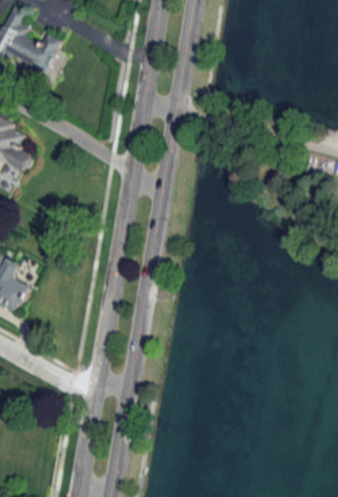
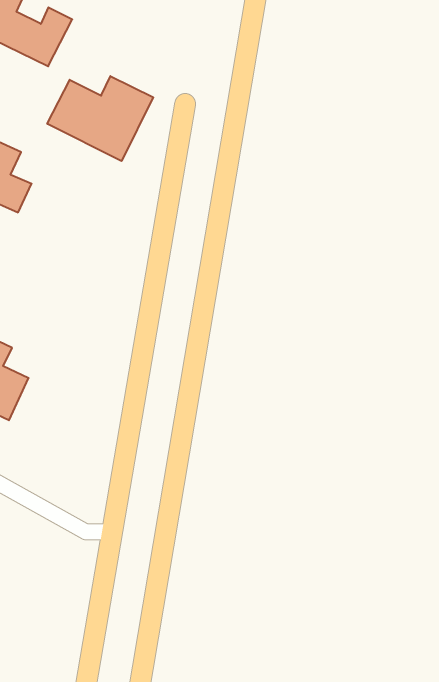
building: none -> [47,76,153,161]

